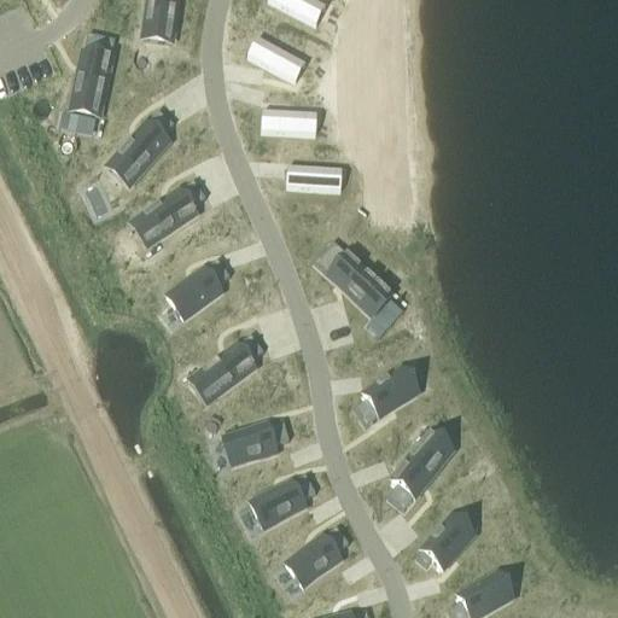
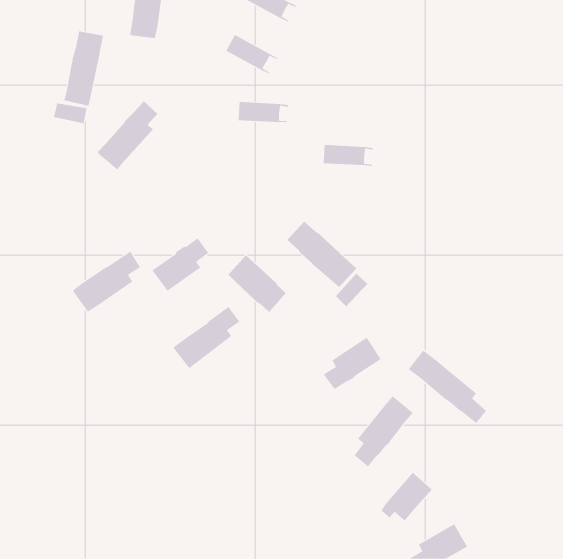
building: [287,167,343,191] -> [323,145,374,167]
building: [132,180,206,247] -> [72,251,141,313]
building: none -> [227,254,287,313]
building: none -> [408,350,487,424]
building: [225,420,291,465] -> none
building: [251,474,316,529] -> none
building: [287,526,350,587] -> none

